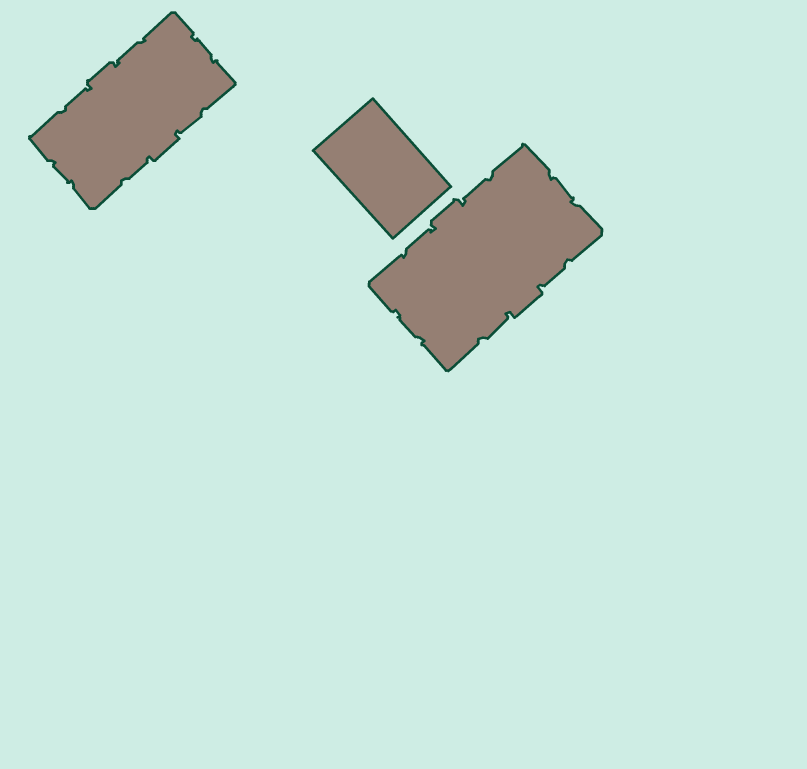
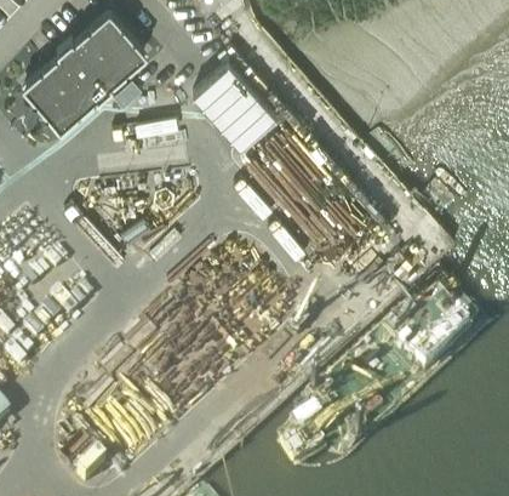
building: [369,144,602,371] -> none

